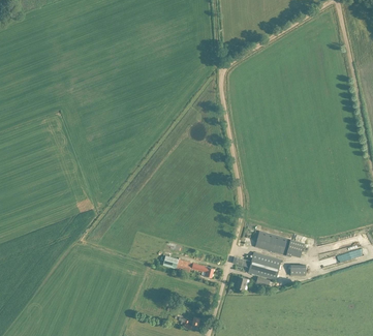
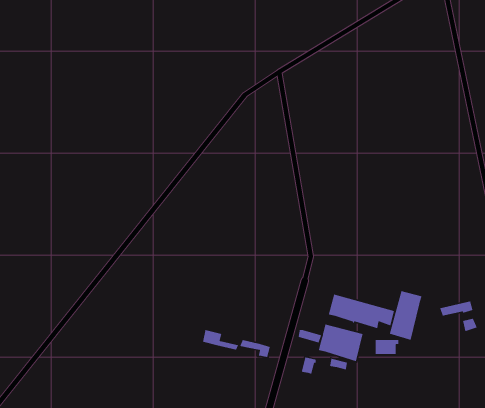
building: none -> [389,290,423,341]

